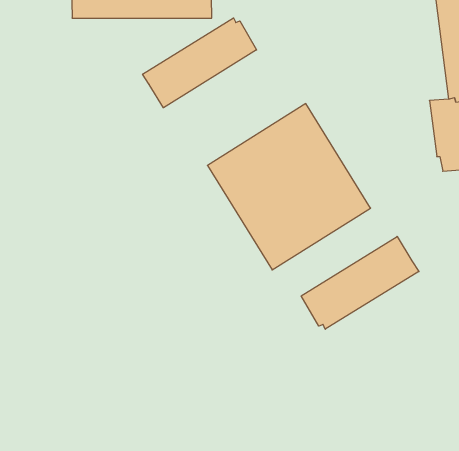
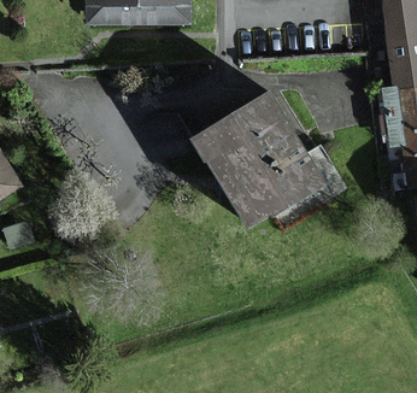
building: [143,18,257,108] -> none
building: [301,236,419,329] -> none

